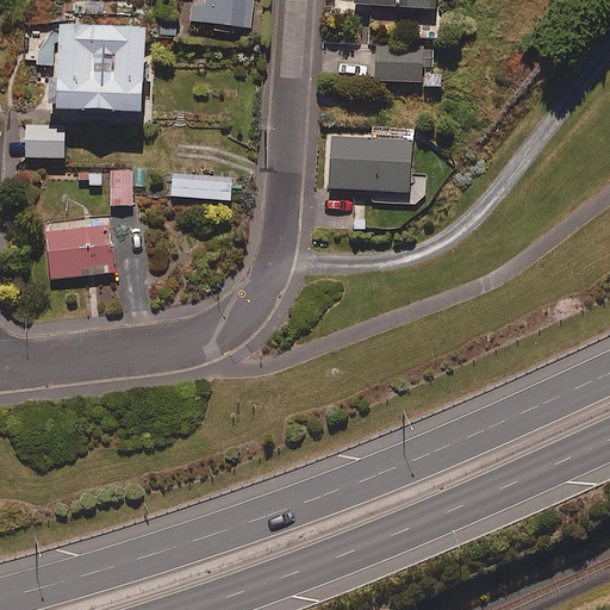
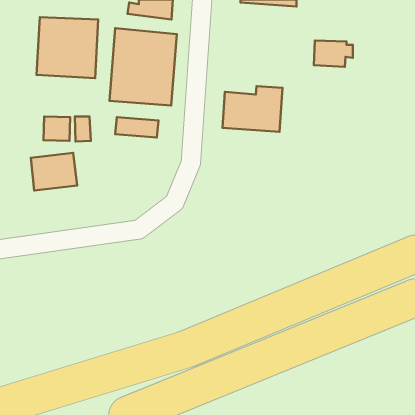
building: none -> [110,28,177,106]
building: [375,43,432,81] -> [314,41,353,67]
building: [25,123,64,158] -> [43,116,70,141]

